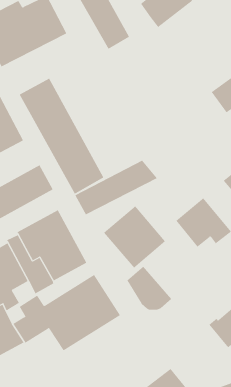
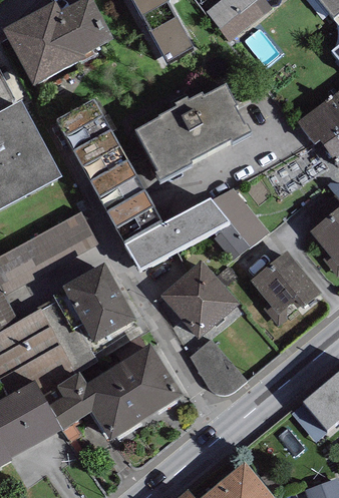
building: none -> [135,87,250,184]
building: none -> [207,182,269,258]

